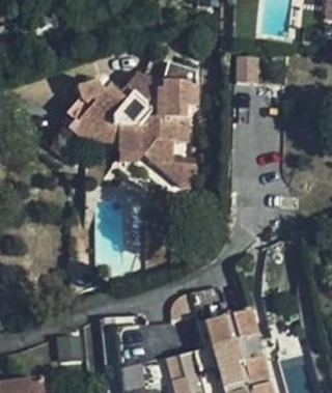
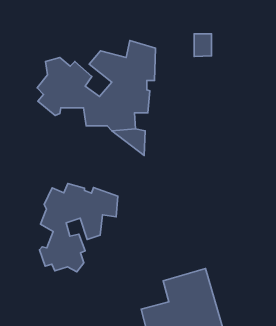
building: none -> [39,183,118,272]

